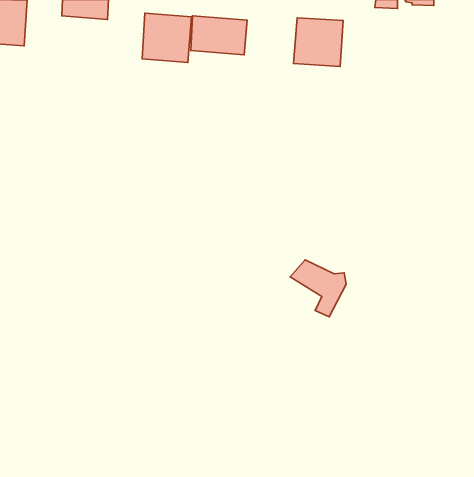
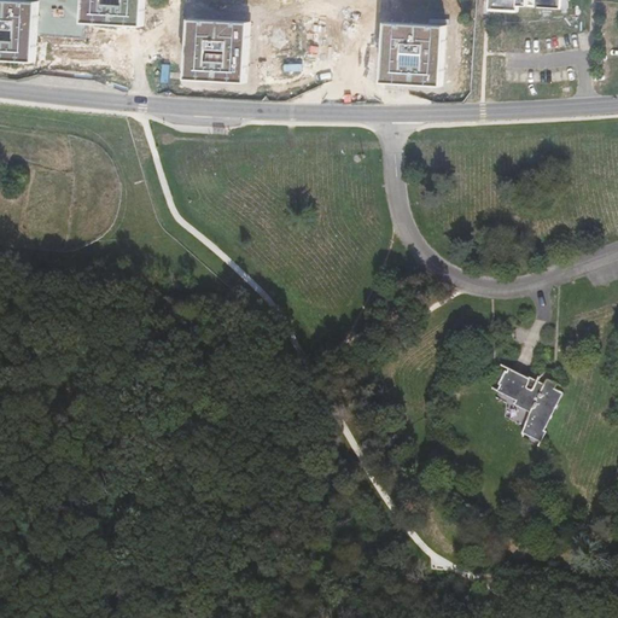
building: [191,16,247,55] -> none
building: [290,260,346,317] -> [483,366,555,439]

